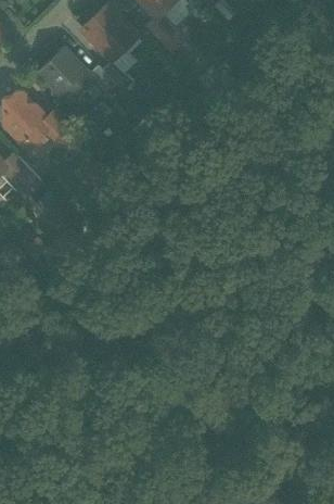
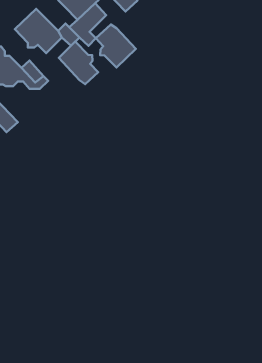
building: none -> [96,24,136,68]
building: none -> [59,42,98,84]

